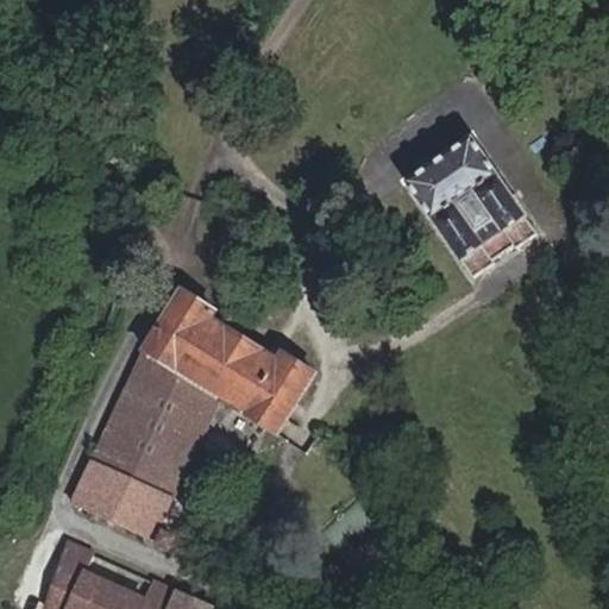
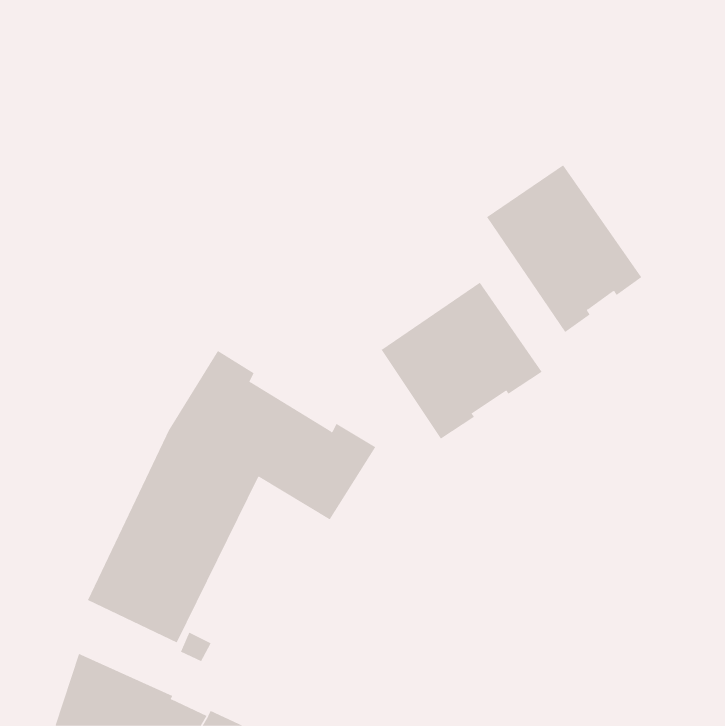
building: none -> [381,282,543,440]

